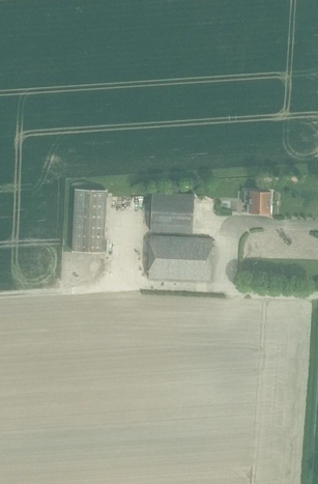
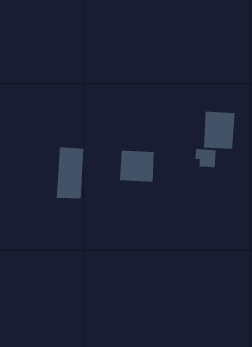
building: none -> [204,111,235,150]
building: [147,235,211,280] -> none

